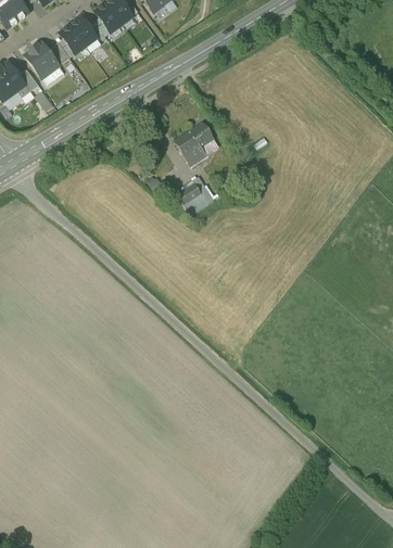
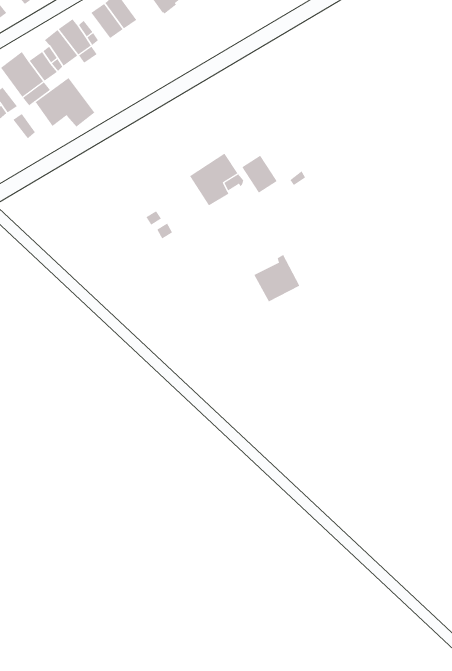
building: none -> [35,77,95,128]
building: none -> [241,155,278,193]
building: [176,175,213,213] -> [253,254,300,302]

